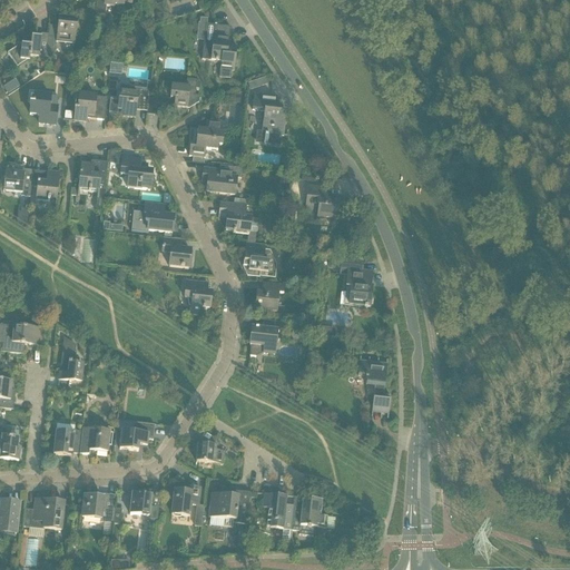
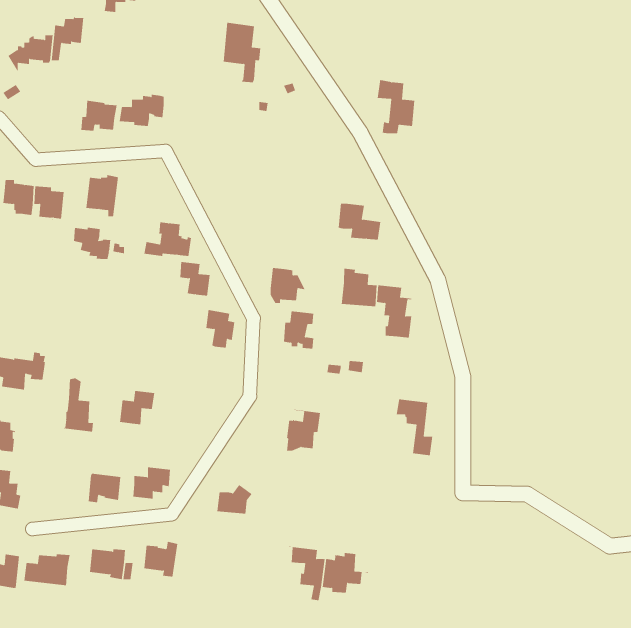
building: [169,76,198,105] -> none
building: [250,90,285,139] -> [377,79,415,134]
building: [29,91,57,121] -> none
building: [188,118,223,160] -> none
building: [119,156,150,187] -> none
building: [202,163,240,191] -> none
building: [217,200,249,230] -> none
building: none -> [74,227,111,260]
building: none -> [341,268,377,307]
building: [249,316,281,354] -> [286,409,321,451]
building: none -> [119,390,155,425]
building: [52,428,81,453] -> none
building: [171,485,202,524] -> none
building: [208,489,249,522] -> none

